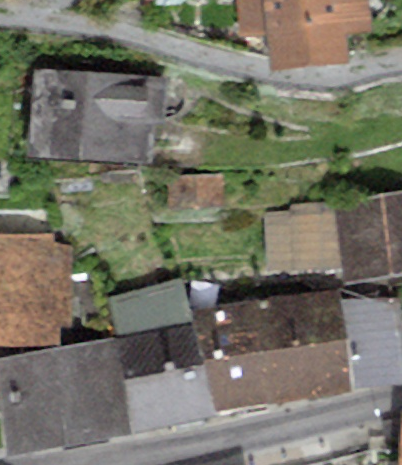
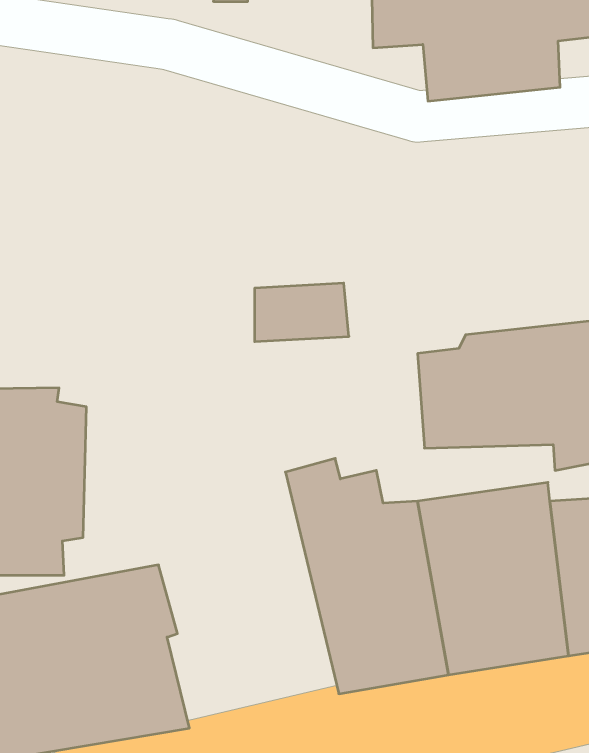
building: [30,69,162,162] -> none
building: [108,278,218,432] -> none

